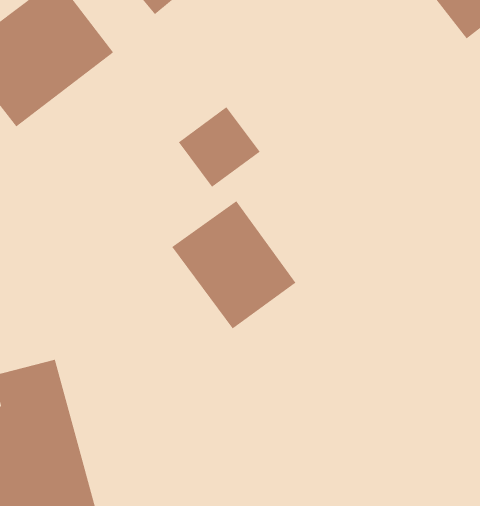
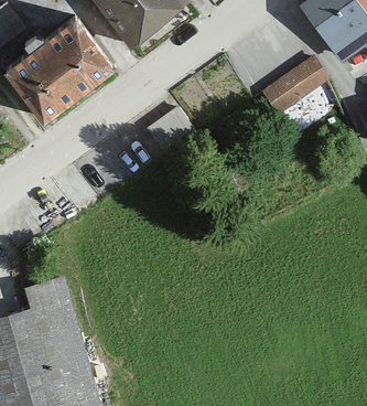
building: none -> [262,56,332,116]
building: [171,200,296,329] -> none

